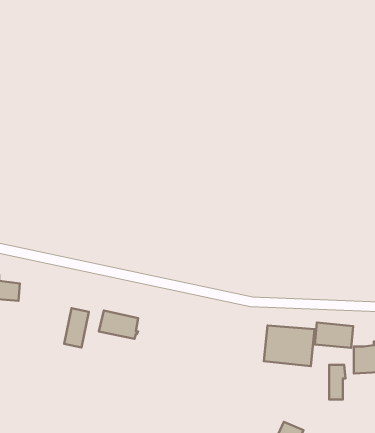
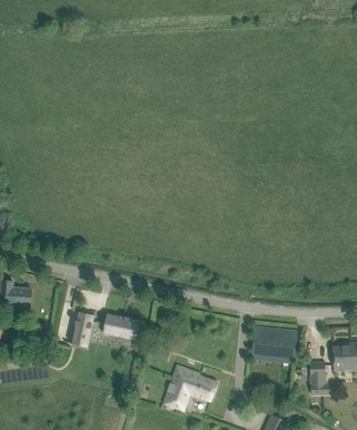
building: [315,323,353,348] -> none
building: none -> [163,364,217,411]

